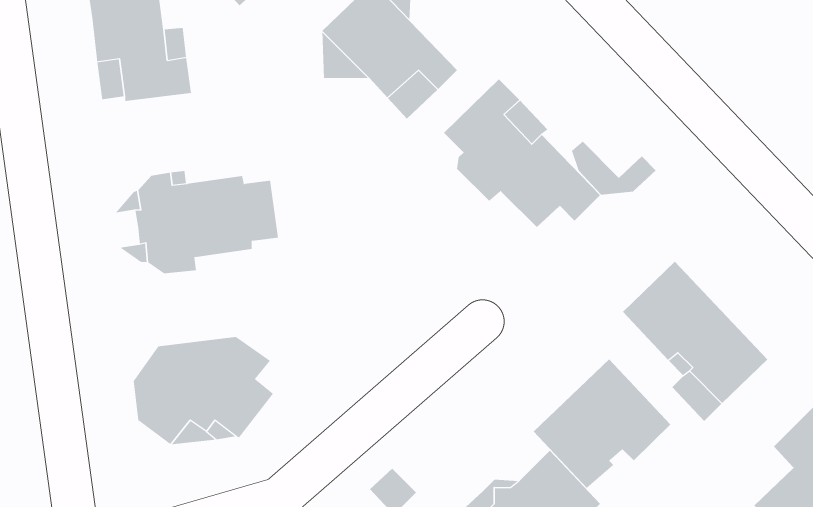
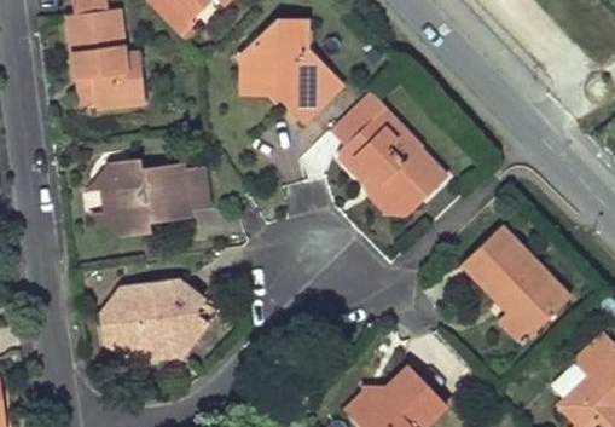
building: [571,141,657,195] -> [365,174,428,214]
building: [533,359,671,489] -> none

